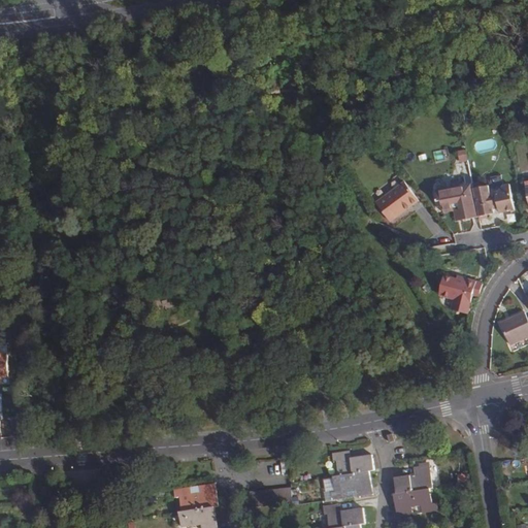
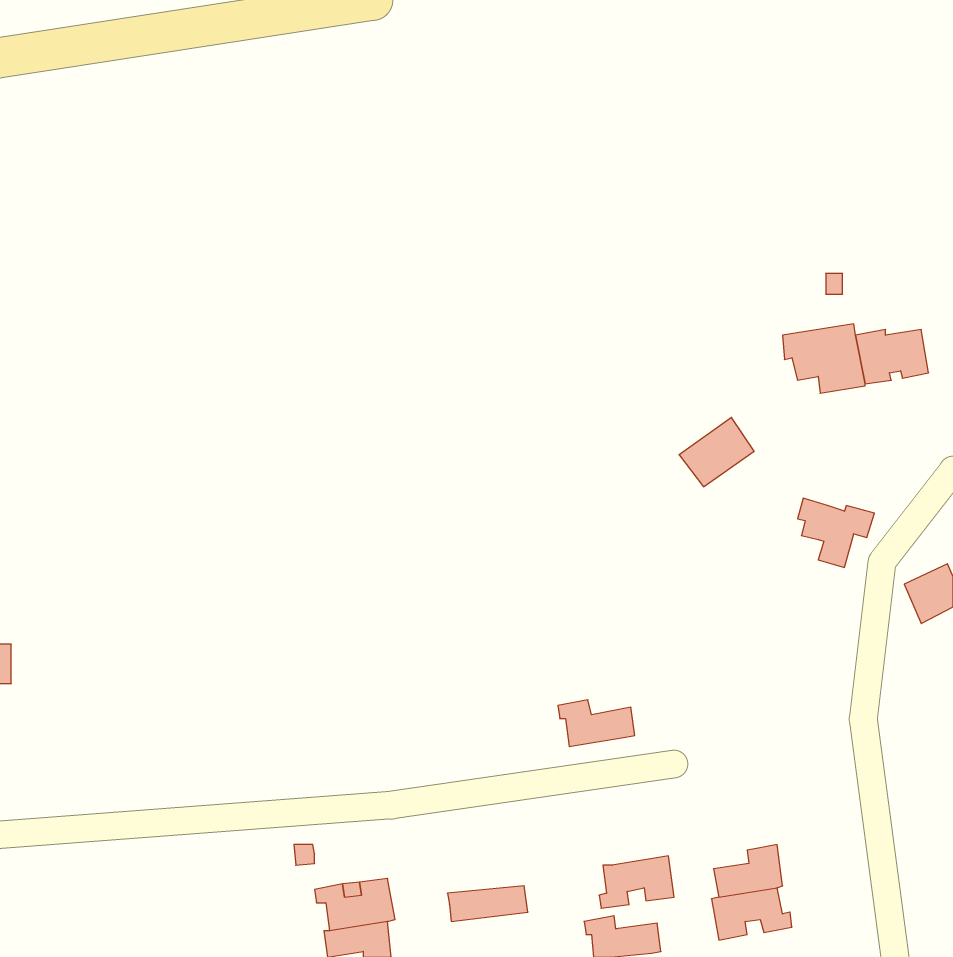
building: [373,179,415,218] -> [679,417,754,487]
building: [331,451,373,476] -> [558,700,635,747]

